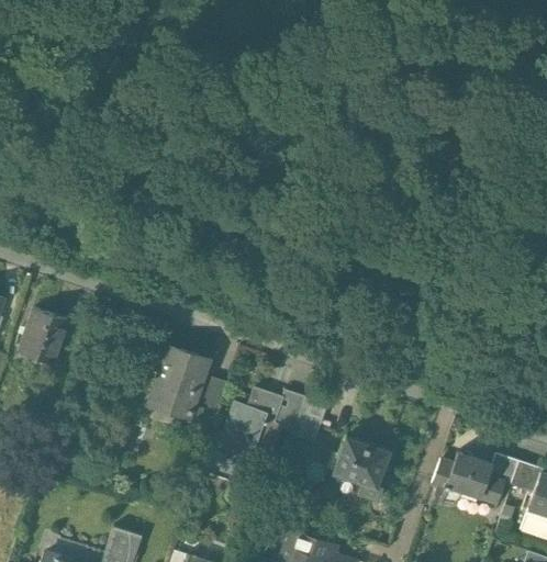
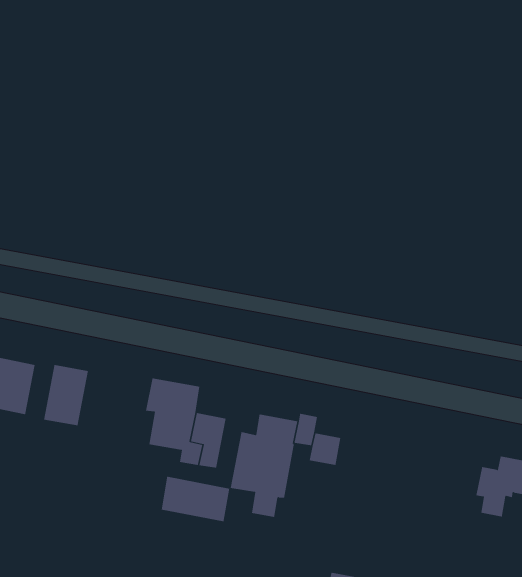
building: none -> [43,364,89,426]
building: none -> [161,476,230,522]
building: [333,437,391,502] -> none

